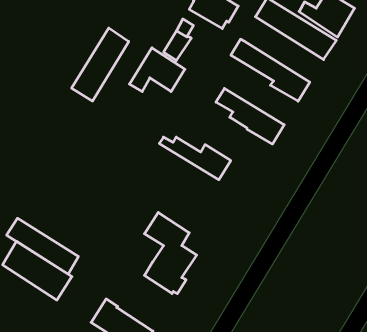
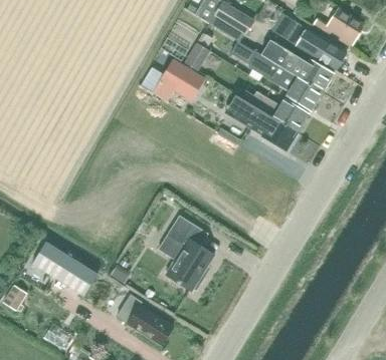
building: none -> [260,39,333,91]
building: [72,28,129,101] -> none
building: [159,137,231,180] -> [241,91,309,131]
building: [7,218,78,274] -> none

